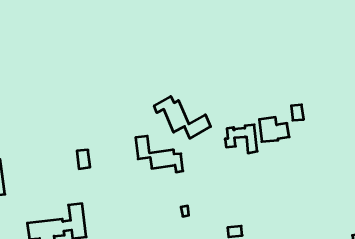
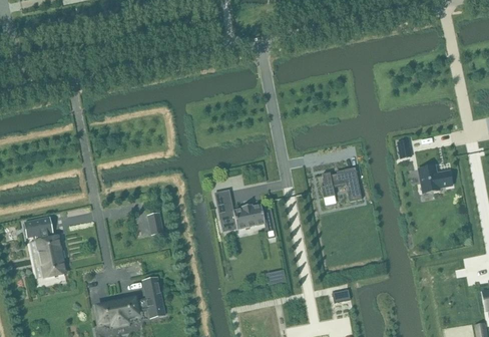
building: [154,96,211,138] -> none
building: [259,117,289,142] -> [416,163,453,194]

